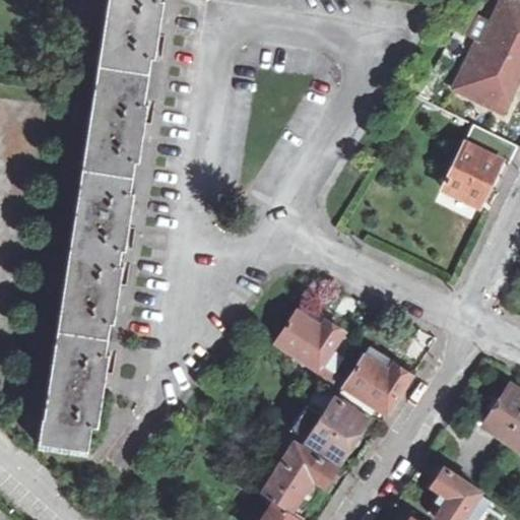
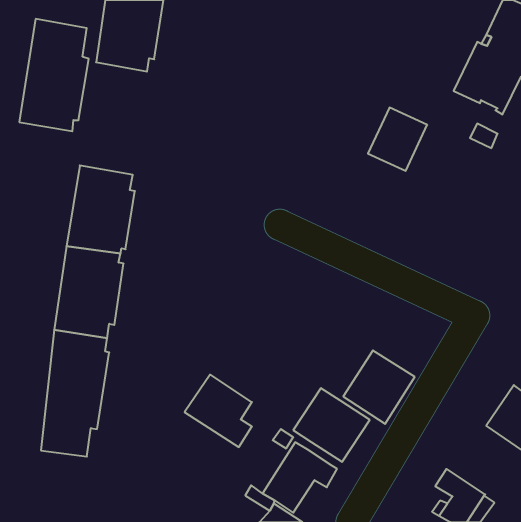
building: [80,62,149,174] -> [19,19,89,131]
building: [447,143,506,206] -> [368,108,427,171]
building: [281,301,348,373] -> [185,375,252,447]

